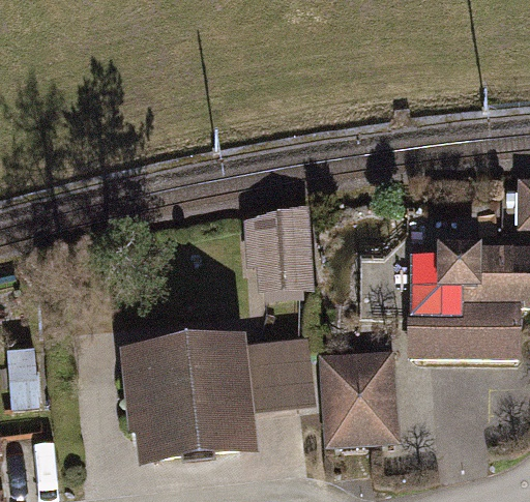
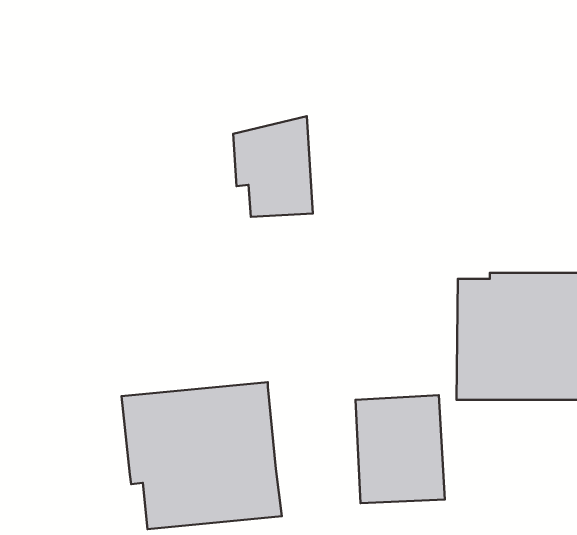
building: [244,205,314,293] -> [233,116,313,217]
building: [245,335,317,414] -> none

